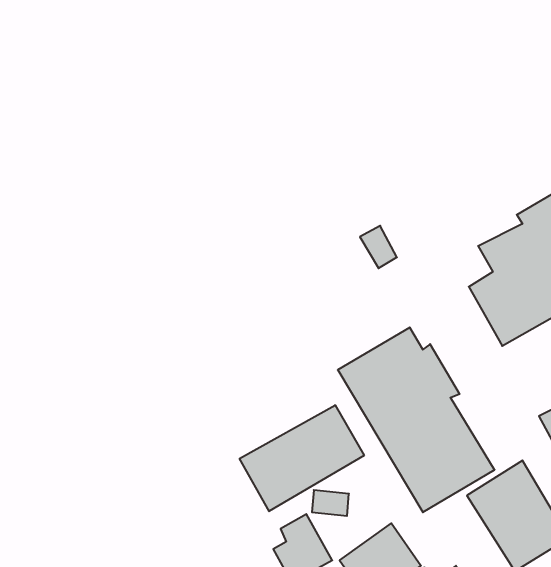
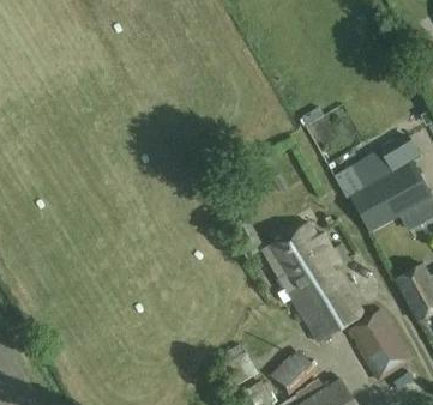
building: [240,405,364,511] -> none

